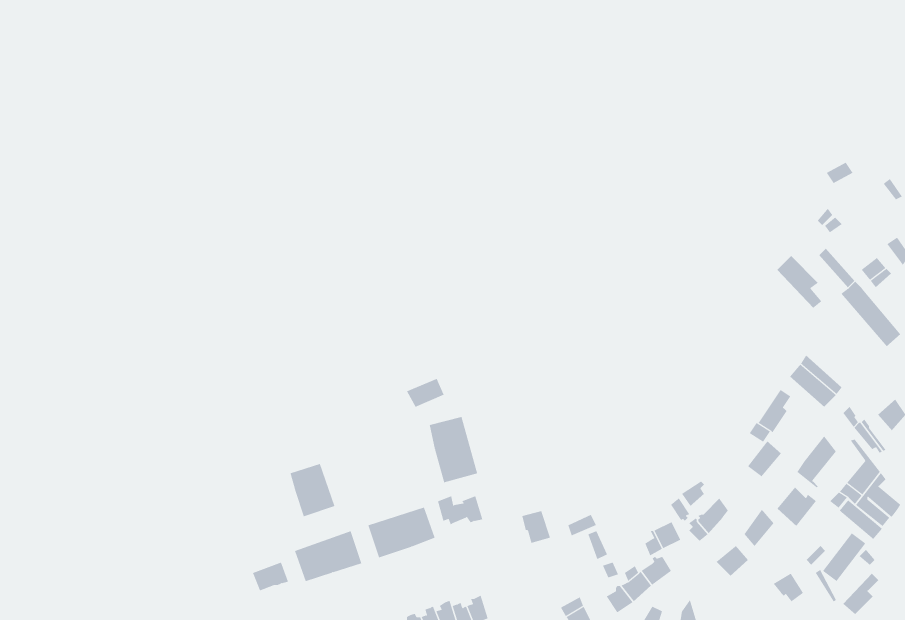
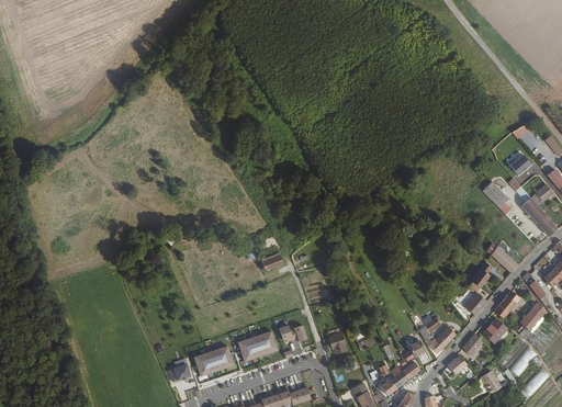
building: [429,416,478,483] -> none
building: [290,463,335,517] -> none

